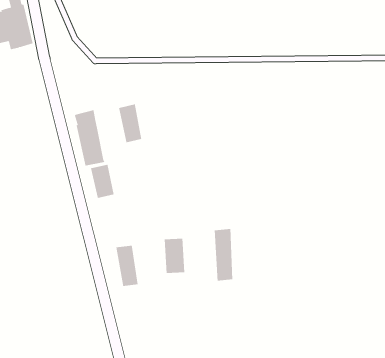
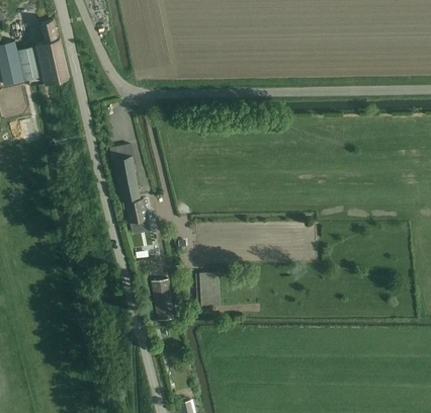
building: [119,103,142,143] -> none
building: [214,228,233,281] -> none

